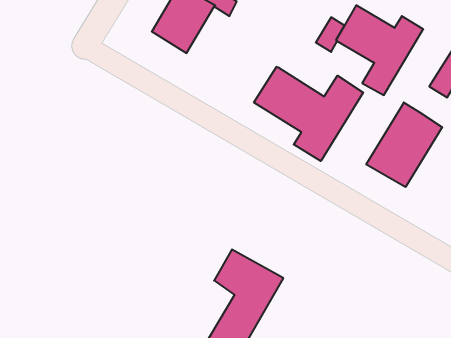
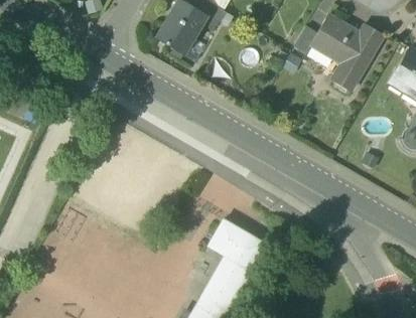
building: [254,67,363,161] -> none
building: [366,102,442,187] -> none

